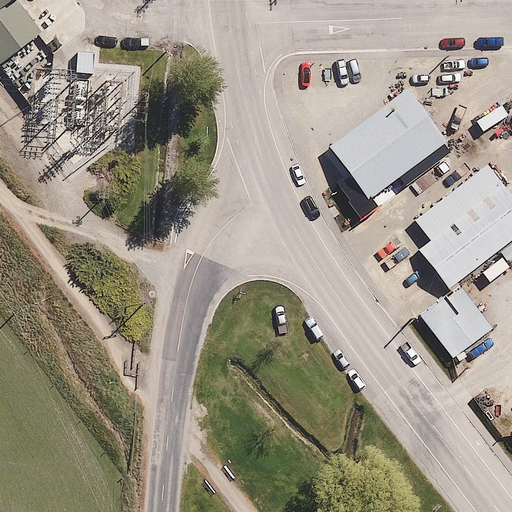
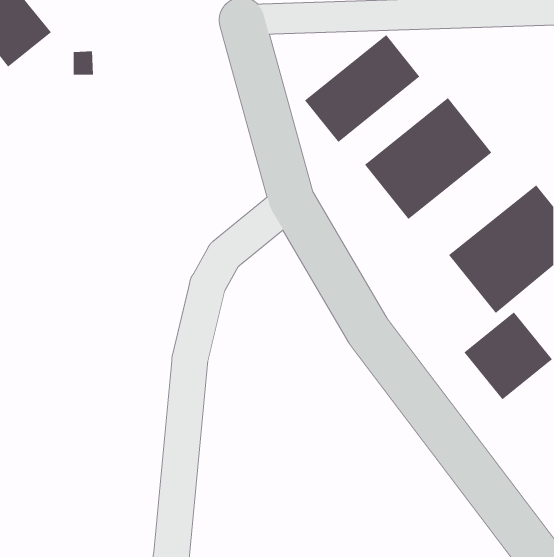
building: none -> [304,34,420,143]

